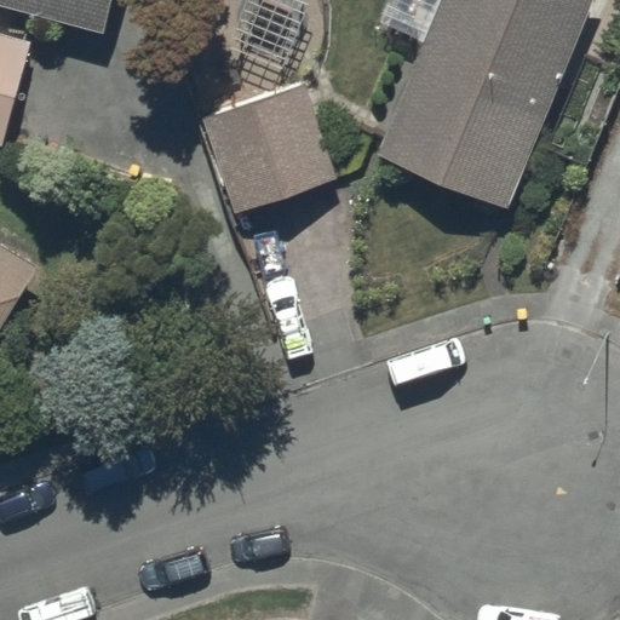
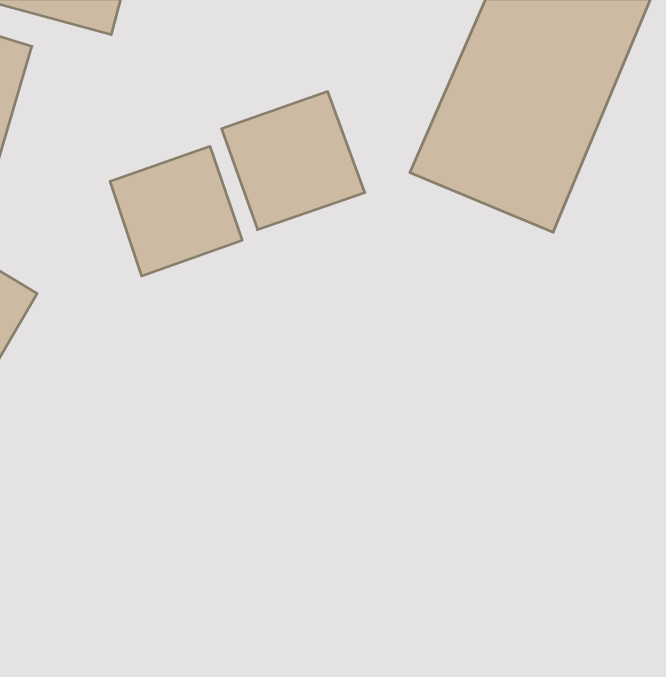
building: none -> [110,146,242,276]

